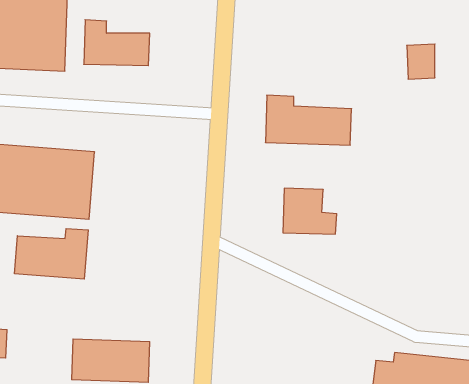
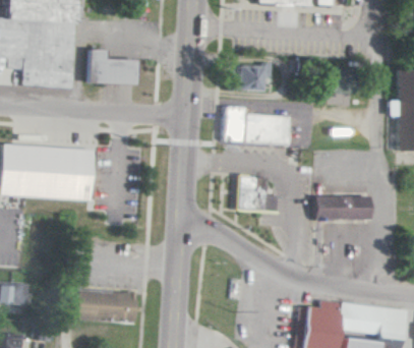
building: none -> [239,64,272,91]
building: none -> [315,195,371,220]
building: [15,229,88,279] -> none

